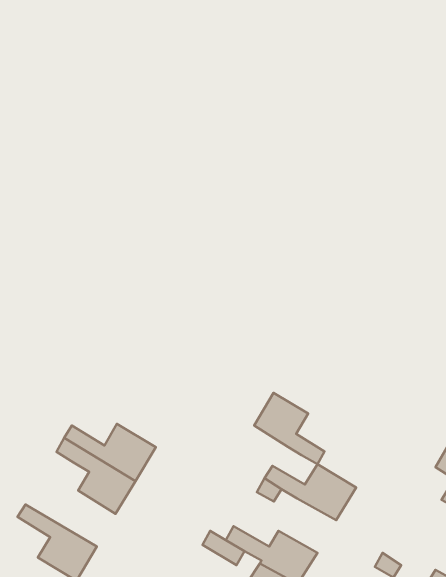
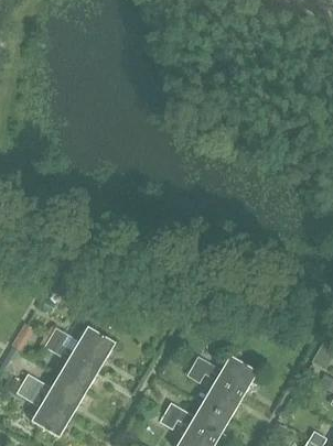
building: [254,393,325,464] -> none
building: none -> [22,374,86,414]
building: none -> [202,380,243,418]

